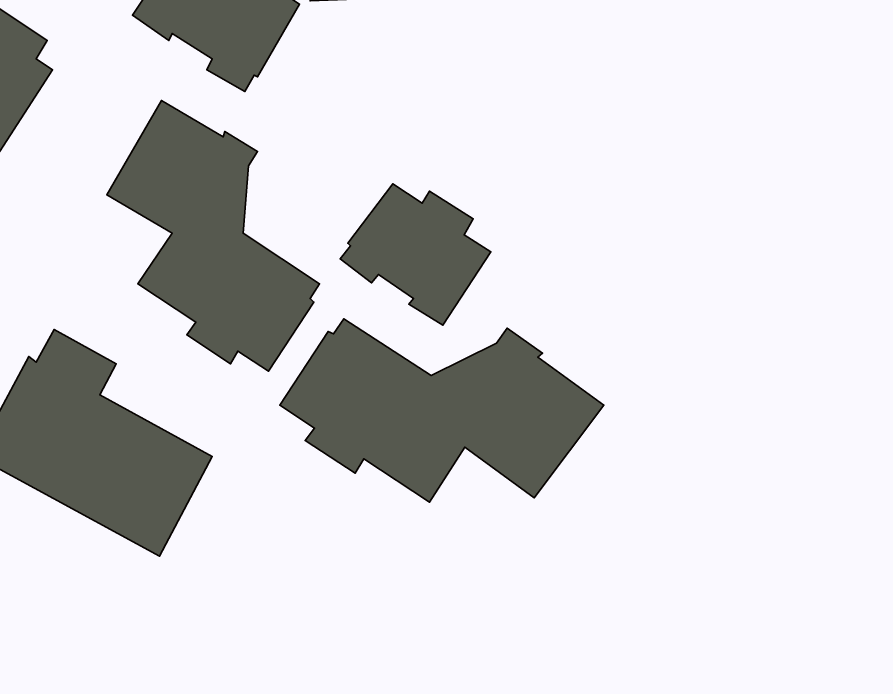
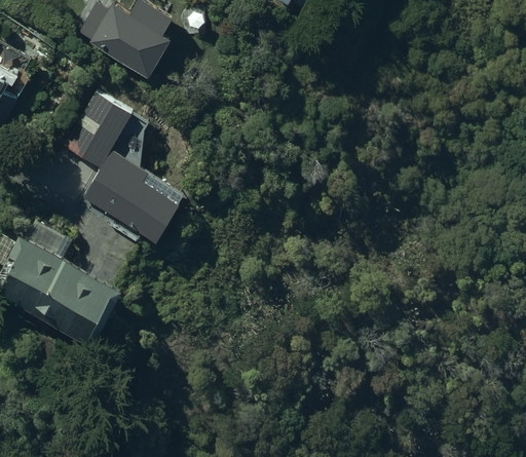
building: [340,184,491,325] -> none
building: [280,319,604,502] -> none

